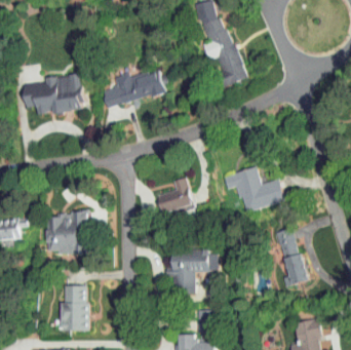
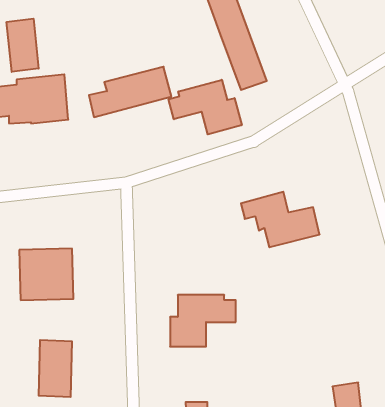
building: none -> [7,19,39,72]
building: none -> [169,80,242,134]
building: [158,178,194,212] -> none
building: [276,229,308,286] -> none

